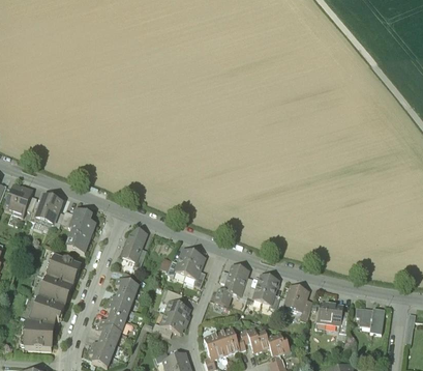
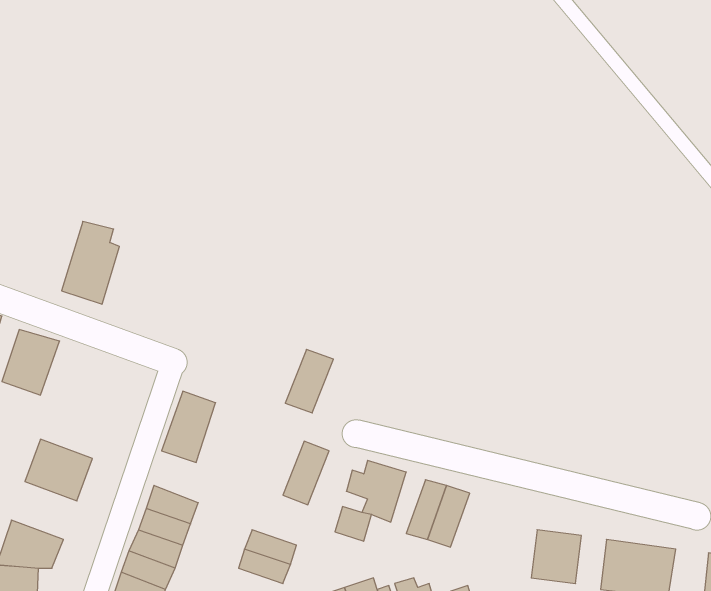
building: [64,209,95,254] -> [62,221,119,304]
building: [170,248,195,282] -> [285,349,333,413]
building: [38,275,73,306] -> none
building: [281,283,312,315] -> none

